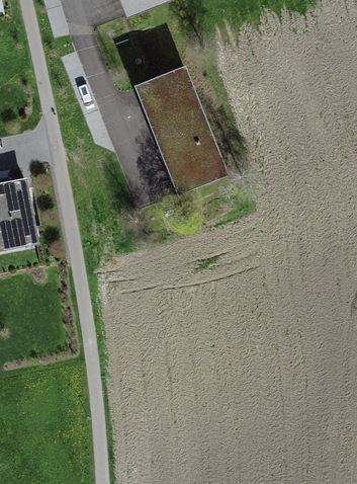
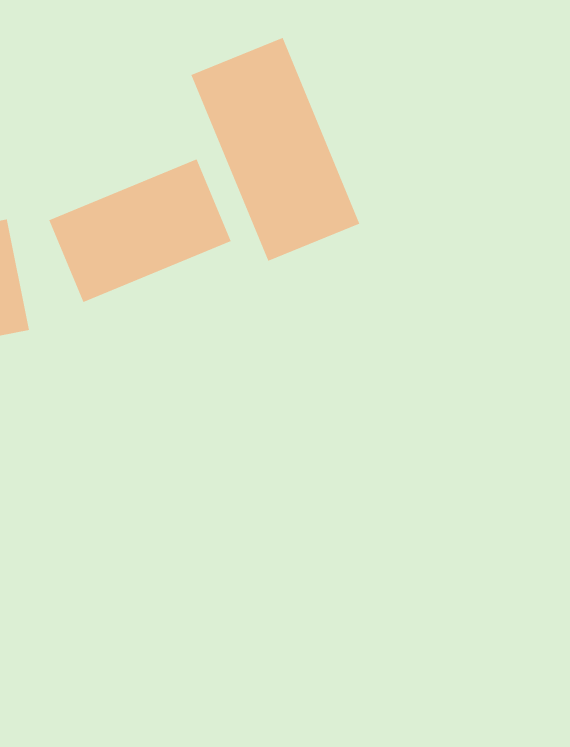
building: none -> [49,158,232,303]

